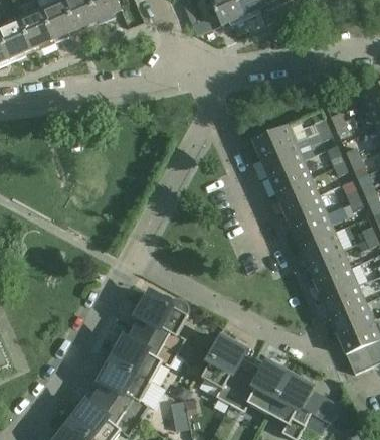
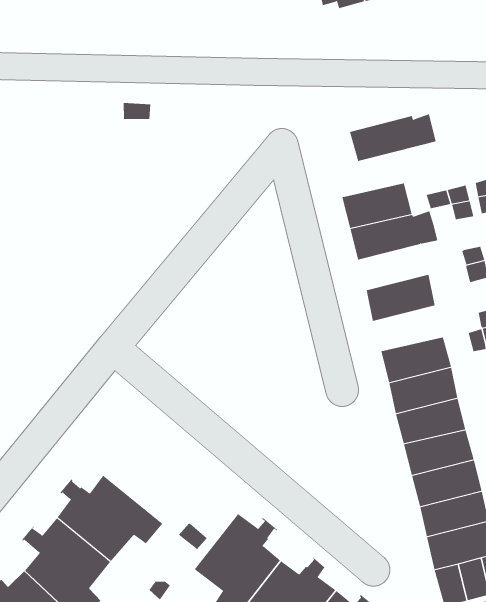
building: [267,154,321,190] -> [349,114,437,162]
building: [282,192,327,226] -> none
building: [132,292,188,351] -> none

